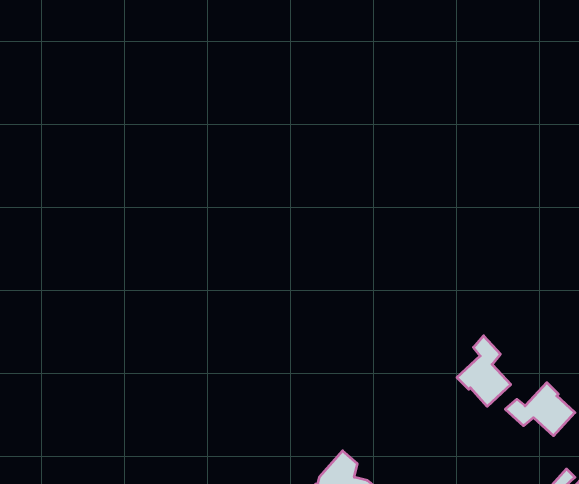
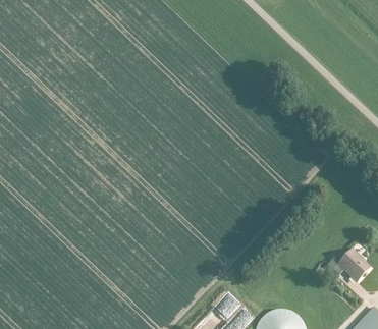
building: [457,336,511,406] -> none

